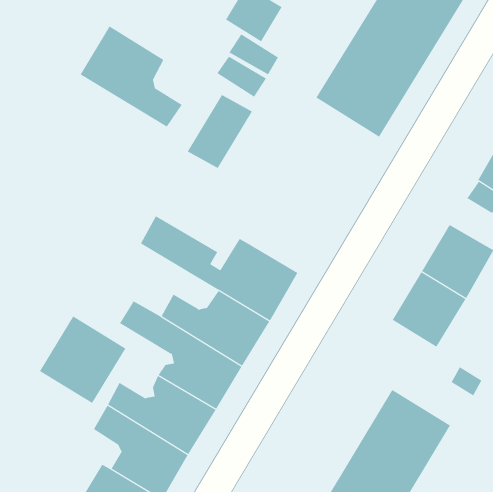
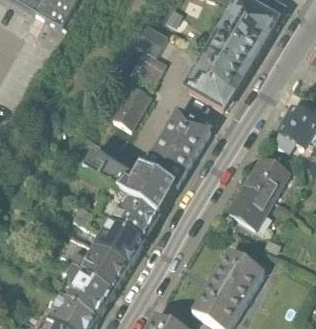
building: [80,26,183,127] -> none
building: none -> [144,111,210,186]
building: [39,315,126,404] -> none

